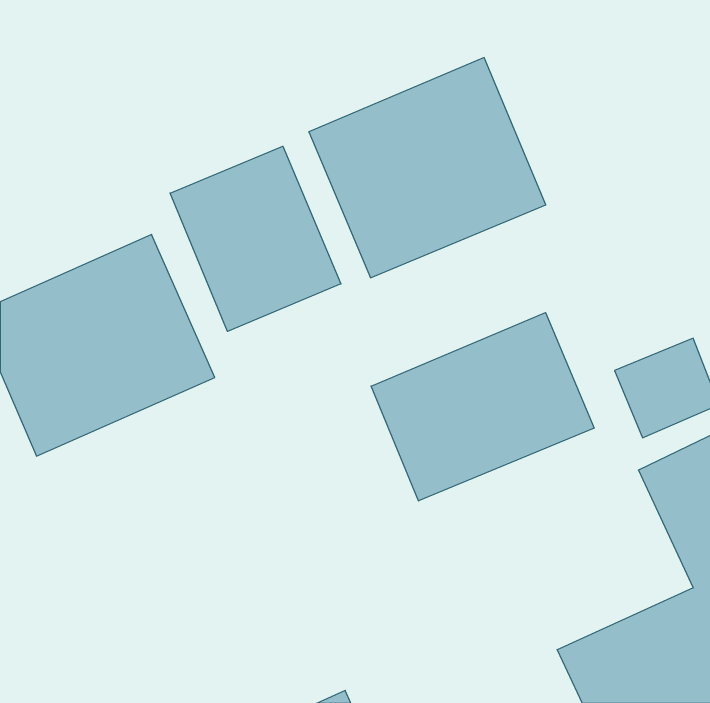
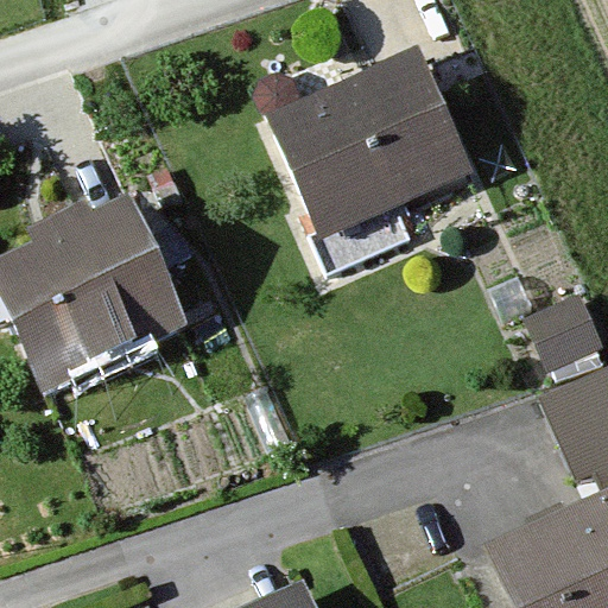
building: [170,146,341,331] -> none
building: [371,313,594,501] -> none

